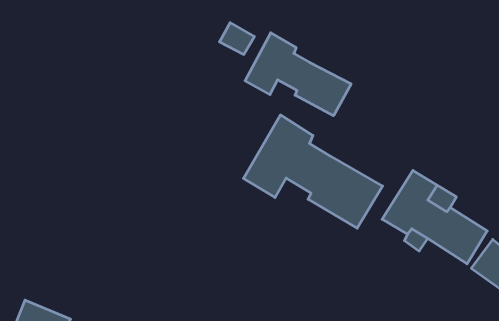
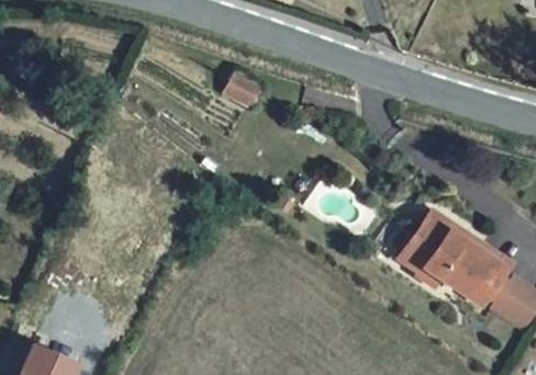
building: [245,33,351,116] -> none
building: [243,115,383,228] -> none

